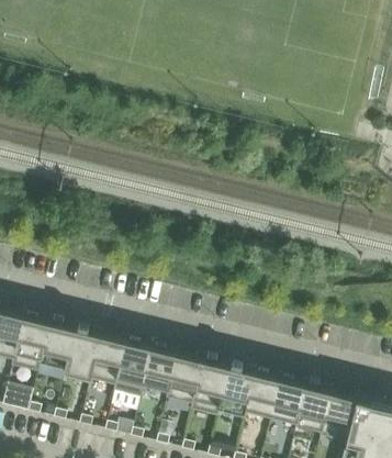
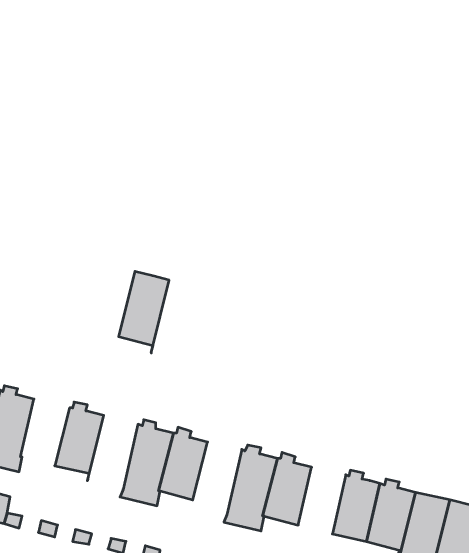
building: [41,320,77,373] -> none
building: [90,336,127,396] -> [119,271,169,353]
building: [167,356,204,415] -> none
building: [246,370,281,424] -> none

